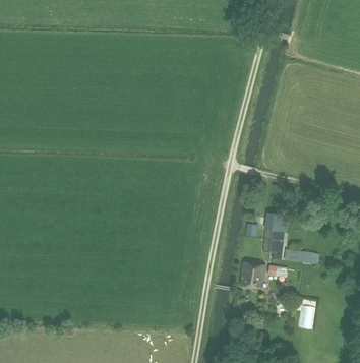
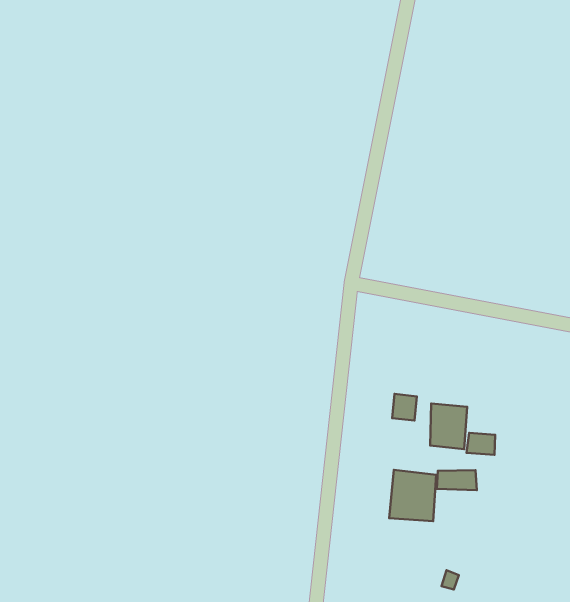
building: [264,213,288,232] -> none

